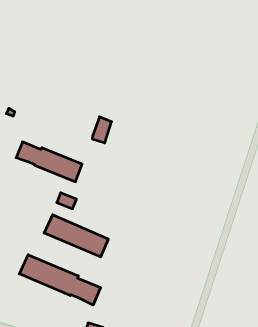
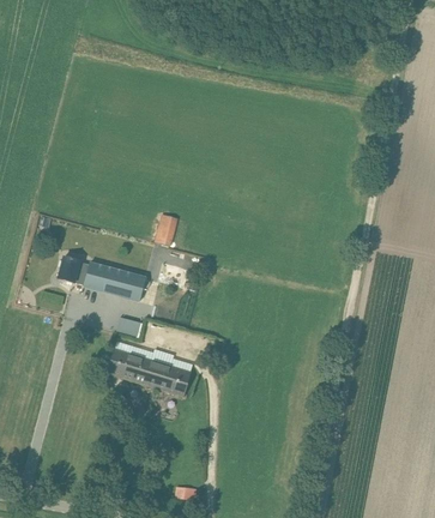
building: [19,255,101,305] -> none

